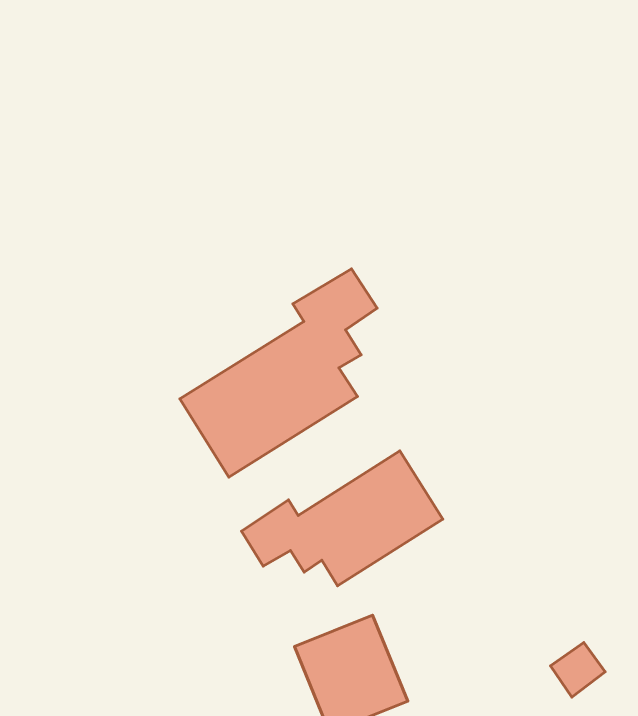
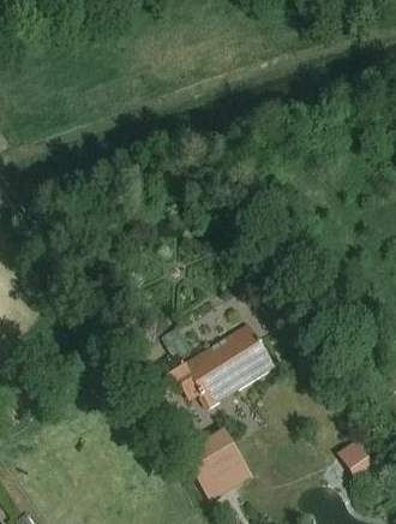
building: [180,269,377,477] -> none

